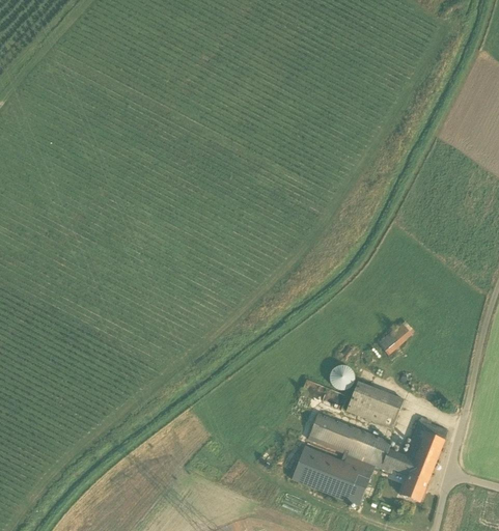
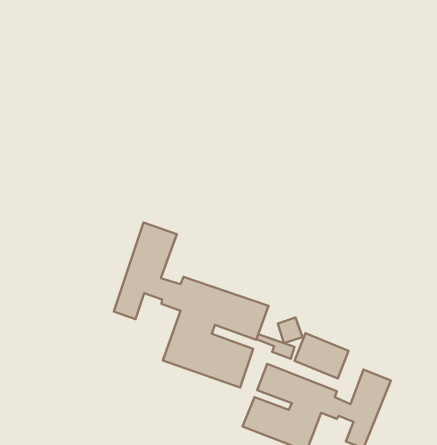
building: none -> [114,223,268,388]
building: [379,319,414,355] -> none

